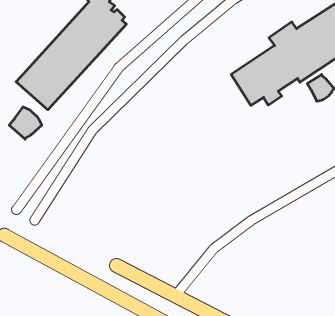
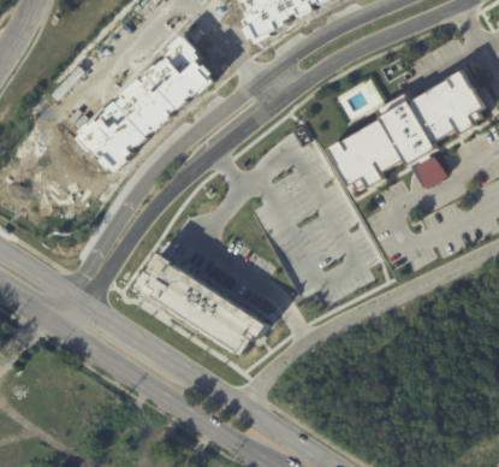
building: [9,107,42,139] -> none
building: none -> [138,250,269,355]

